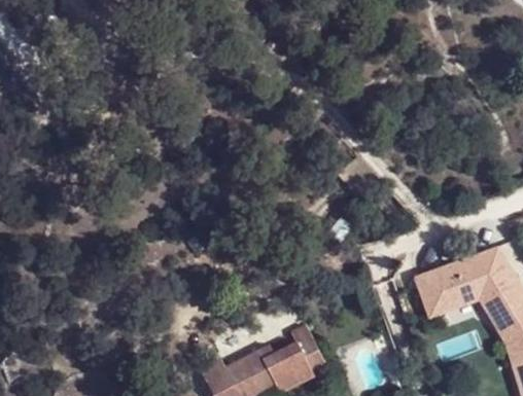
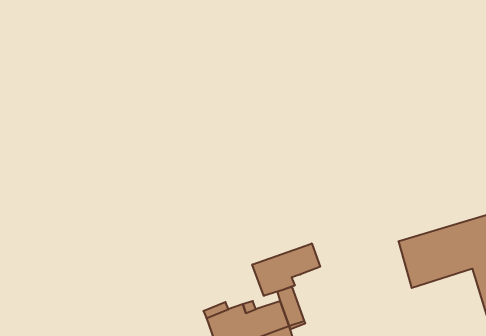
building: none -> [252,243,320,296]

